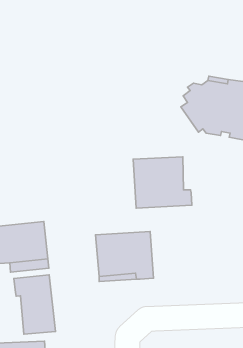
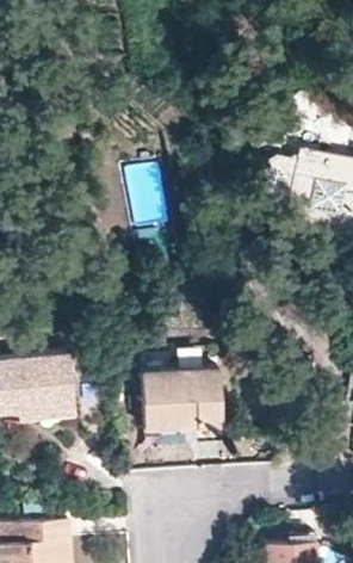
building: [133,157,192,208] -> none
building: [14,275,56,334] -> none

